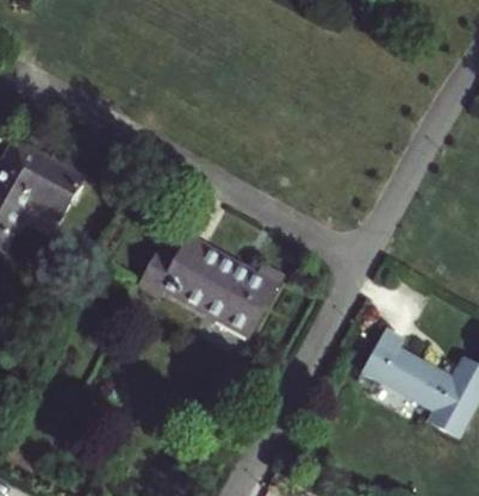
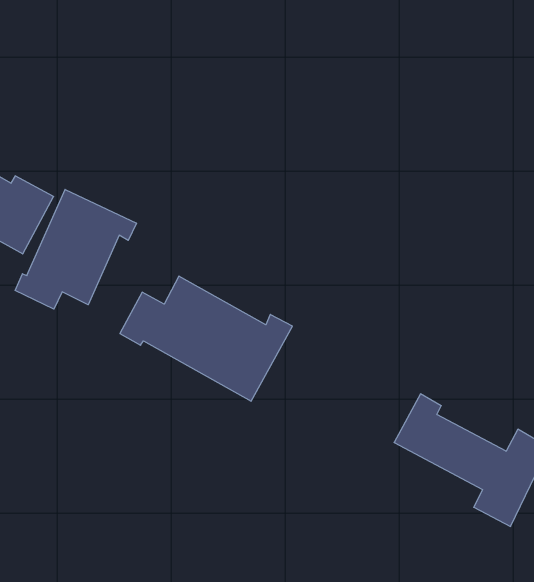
building: none -> [15,189,136,309]

